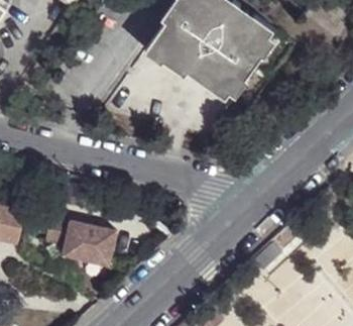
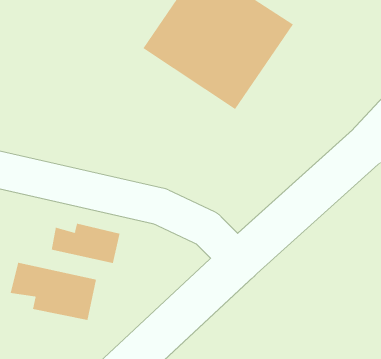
building: none -> [51,223,120,264]

